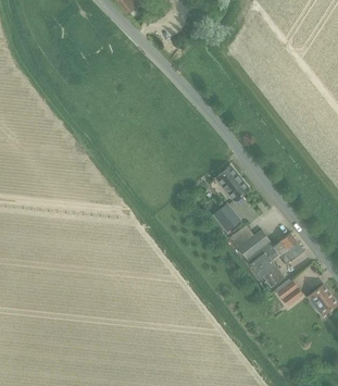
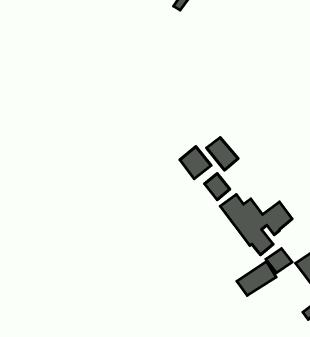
building: none -> [180,146,211,179]
building: none -> [237,262,276,296]

